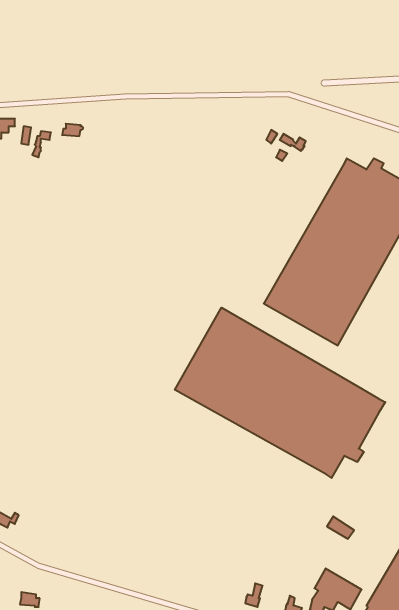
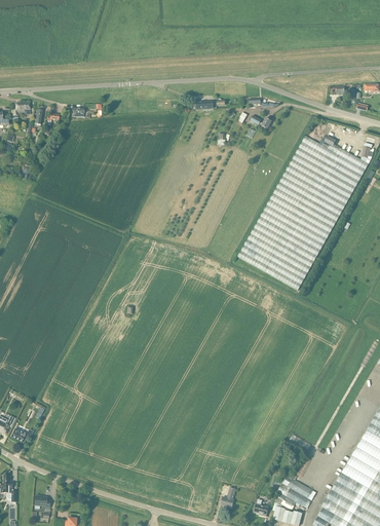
building: [175,308,385,478] -> none

